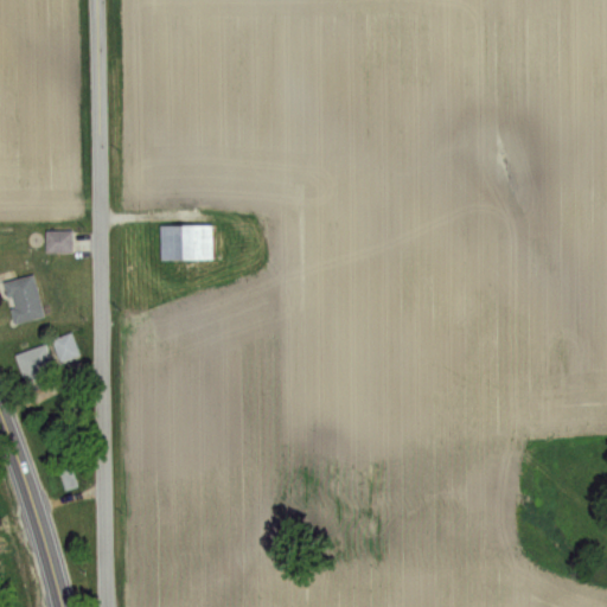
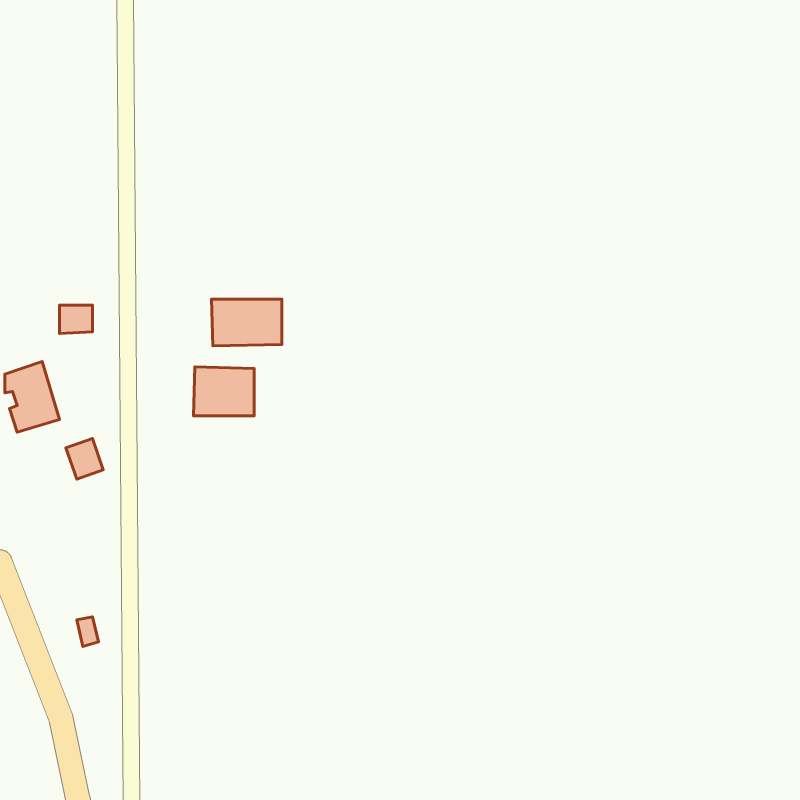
building: none -> [194,367,254,416]
building: [15,345,57,386] -> none

